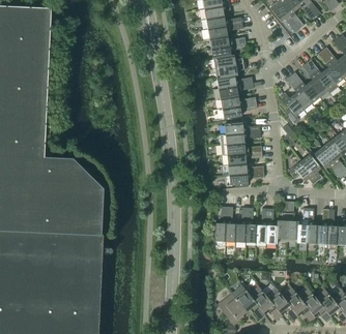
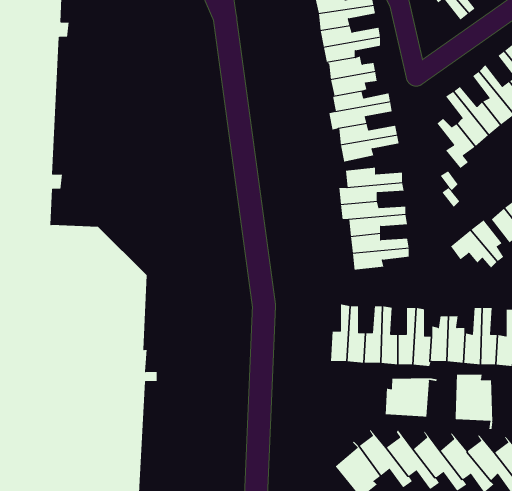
building: none -> [455,374,493,430]
building: none -> [385,378,437,418]

